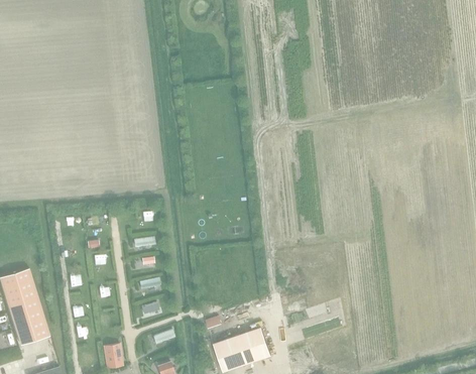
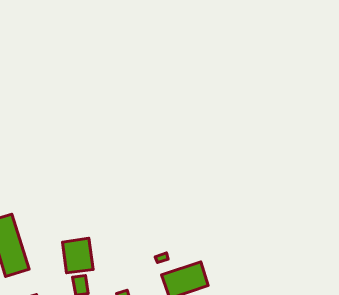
building: none -> [62,238,93,273]

